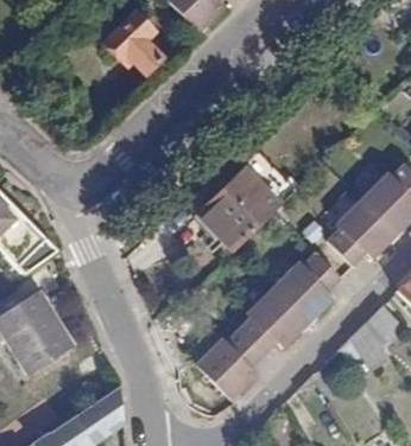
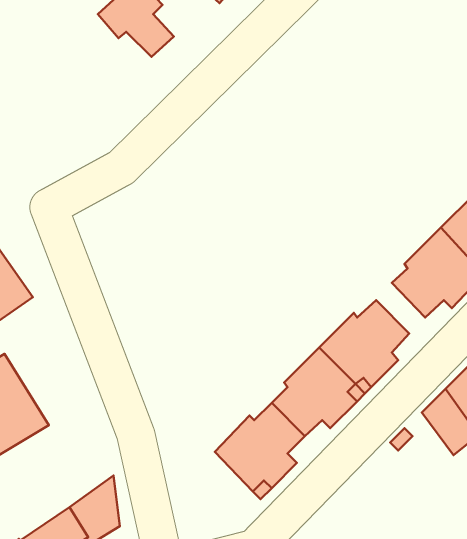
building: [179,180,277,267] -> none

